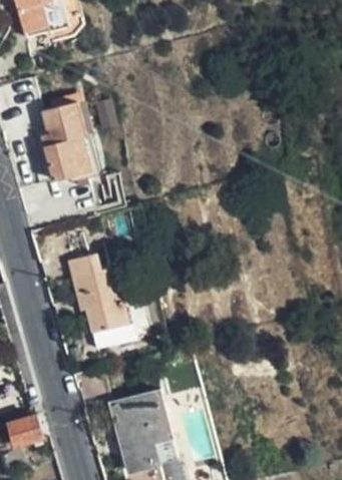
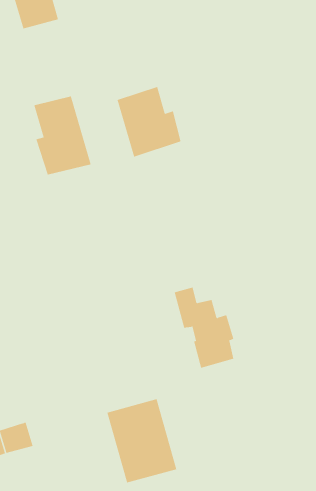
building: none -> [117,86,181,158]
building: [67,258,124,335] -> [174,287,234,368]

